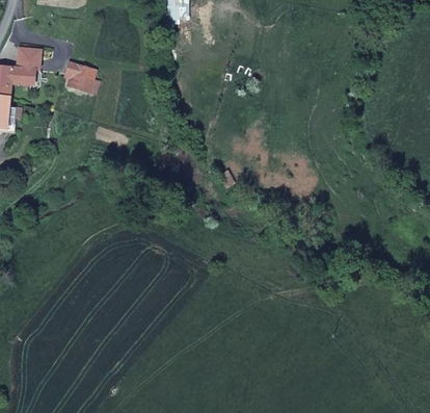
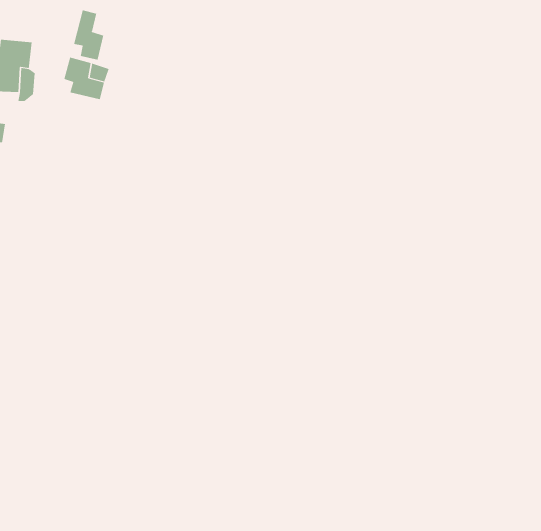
building: none -> [74,10,104,60]

